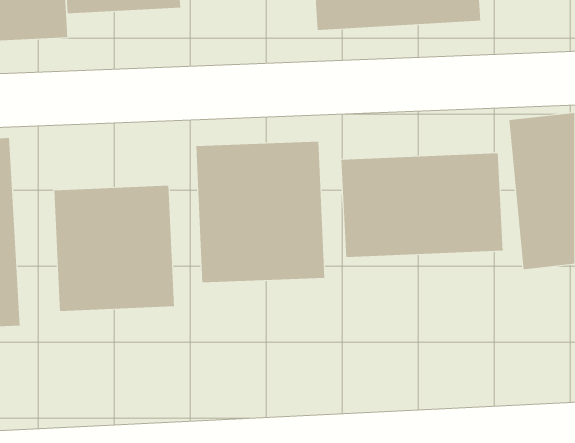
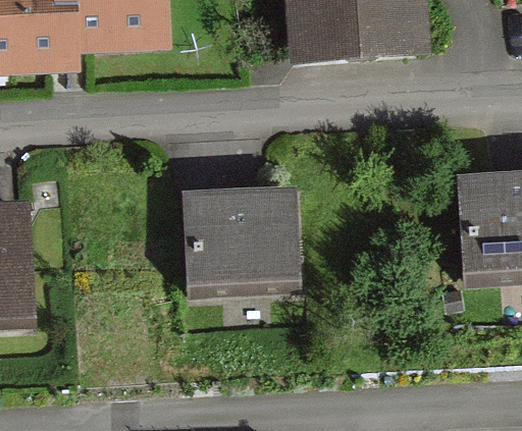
building: [341,152,503,258] -> none
building: [54,185,175,312] -> none

